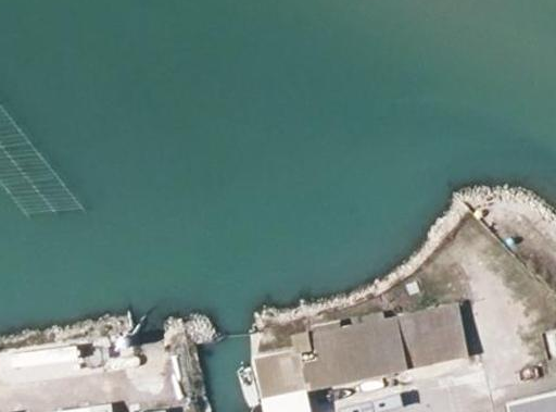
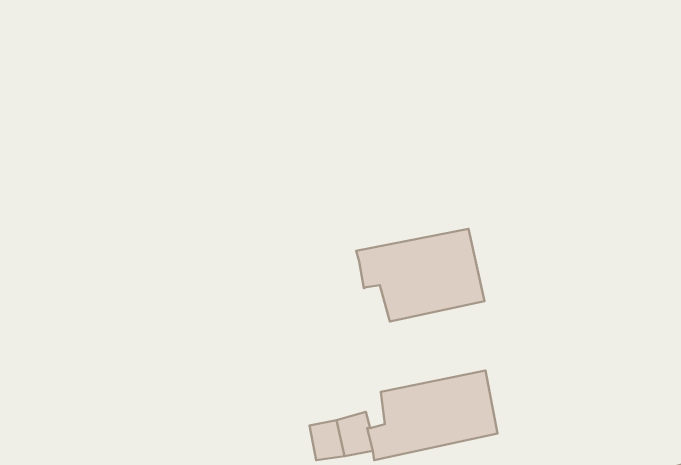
building: none -> [356,229,485,321]
building: [396,305,467,369] -> none

